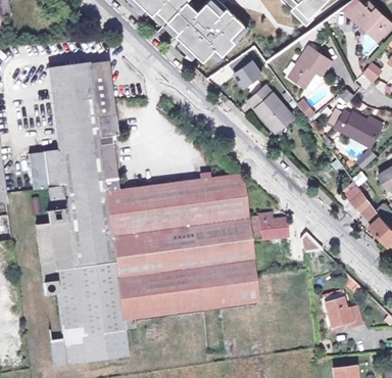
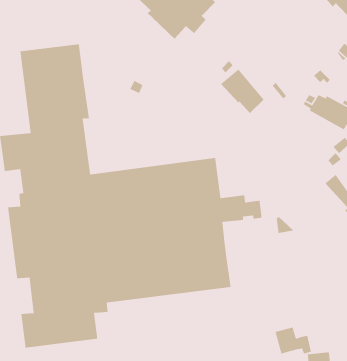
building: [287,46,328,88] -> none
building: [229,54,260,86] -> none
building: [322,297,358,325] -> [275,326,312,354]

